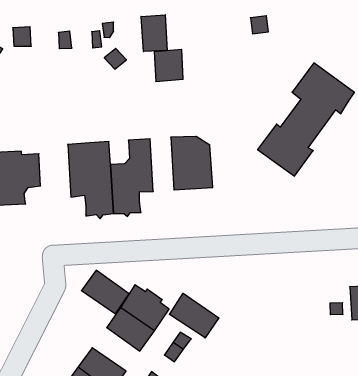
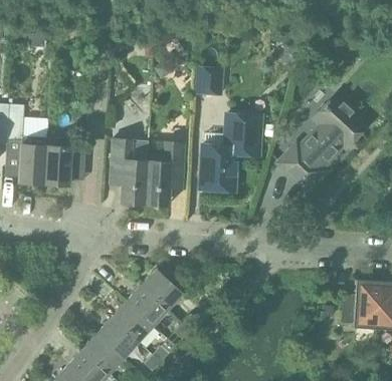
building: [141,15,167,52] -> none
building: none -> [225,113,261,155]
building: [81,270,129,314] -> [112,302,153,342]
building: [169,293,219,338] -> none

